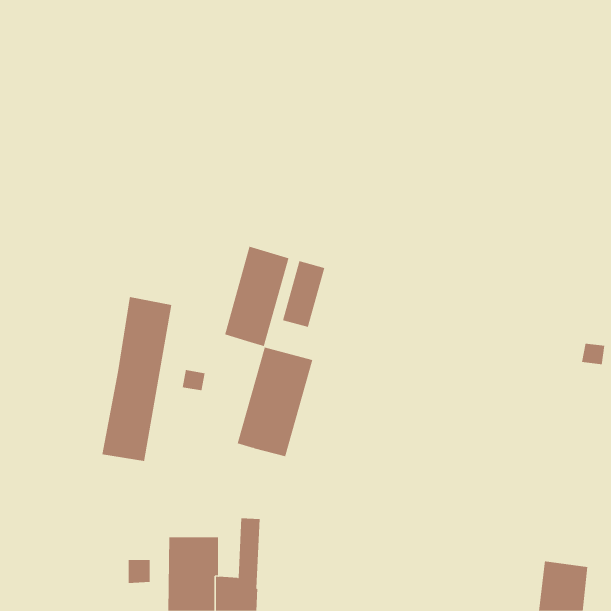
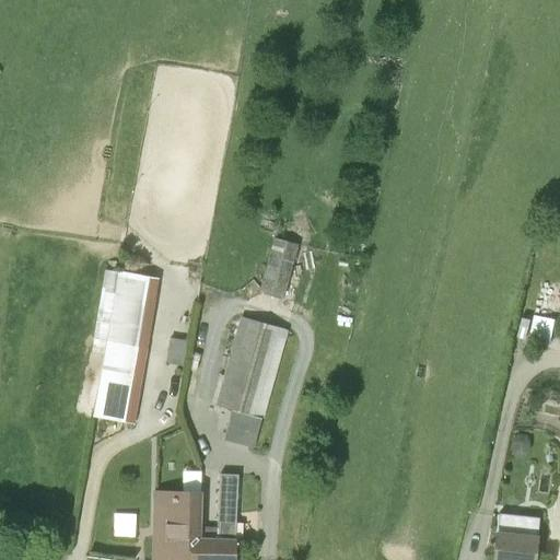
building: [224,246,289,347] -> none
building: none -> [224,410,261,446]

